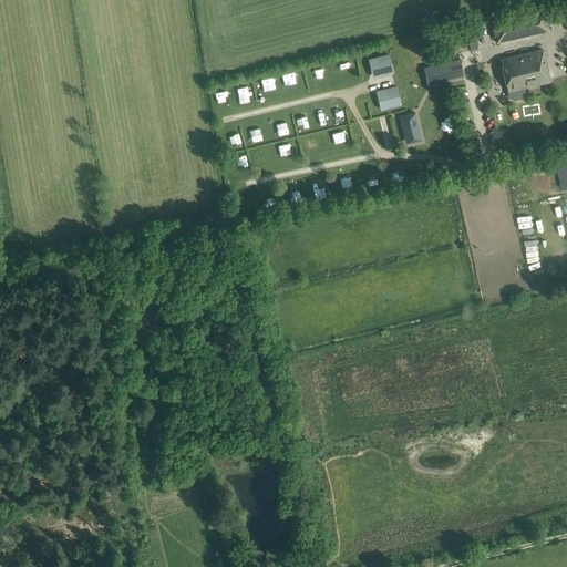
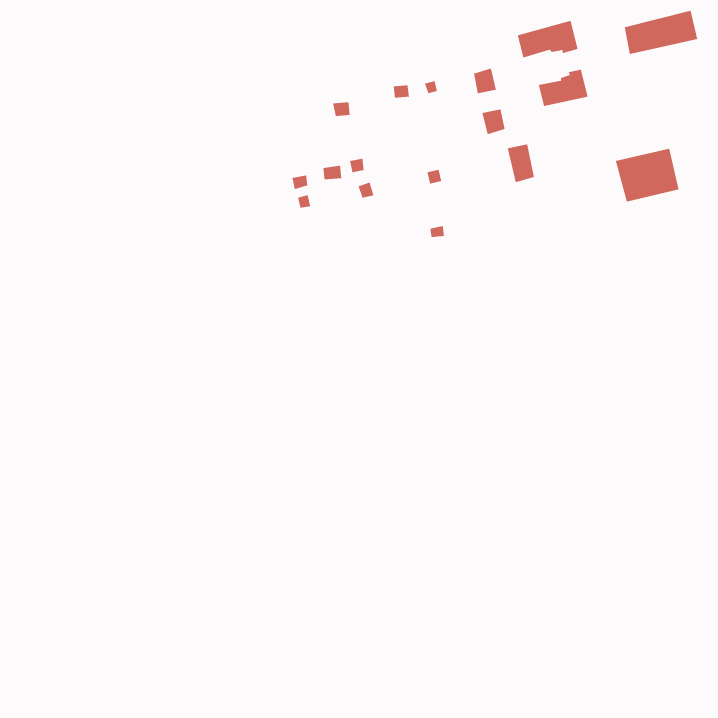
building: none -> [517,20,579,59]
building: [499,50,550,93] -> [615,148,680,203]

